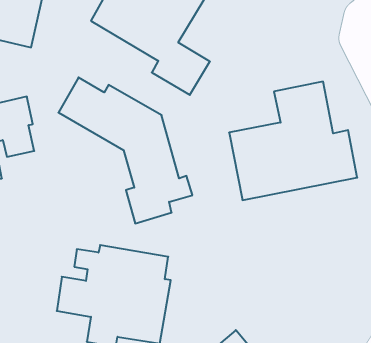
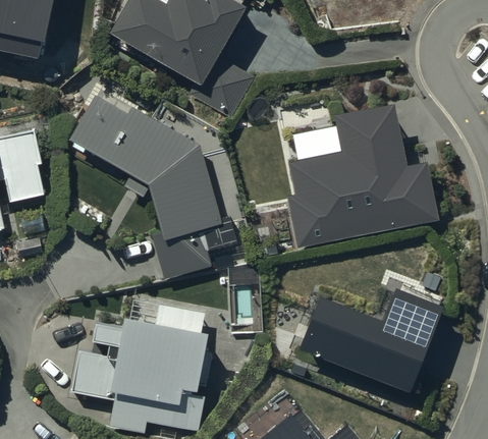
building: none -> [301,277,443,383]

